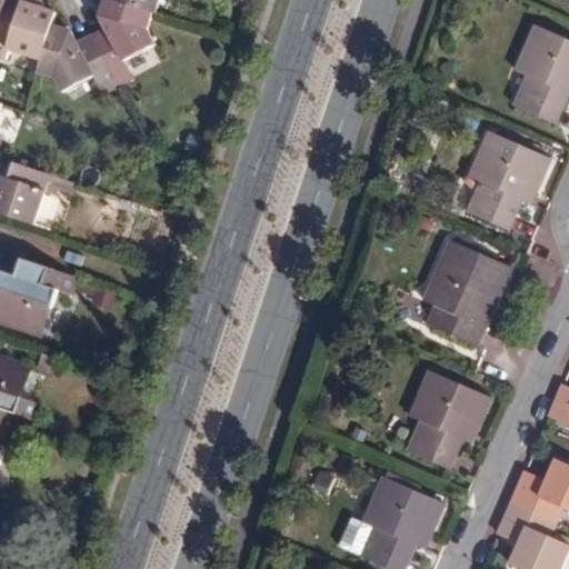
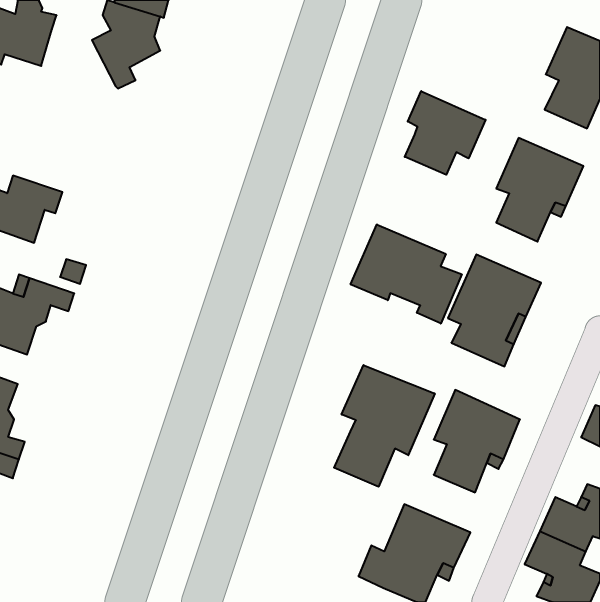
building: [34,28,109,96] -> none
building: none -> [405,91,486,175]
building: none -> [351,224,462,324]
building: none -> [334,365,435,487]

